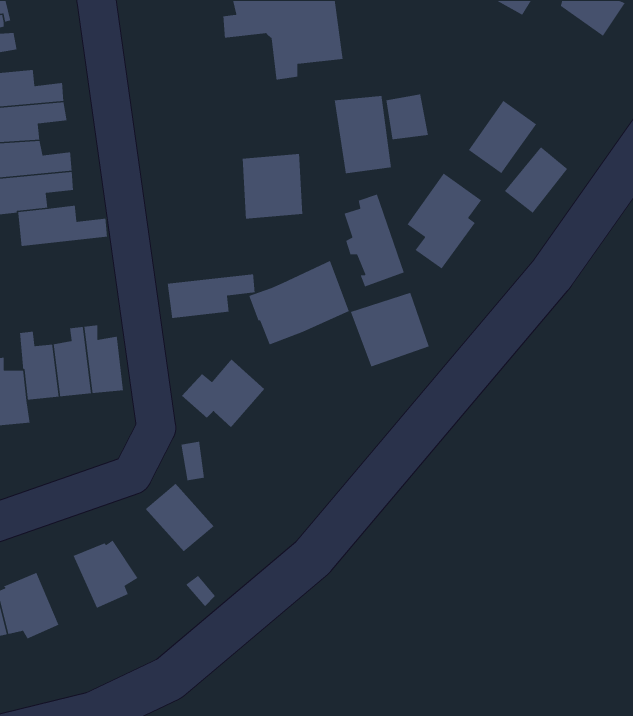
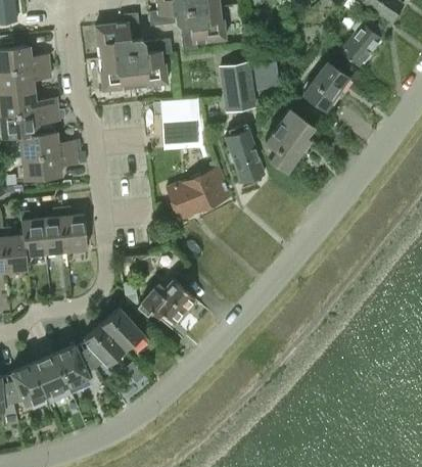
building: none -> [95,13,172,91]
building: [504,146,568,214] -> [339,27,380,69]
building: [167,273,255,319] -> [21,152,78,181]
building: [350,292,430,368] -> none
building: [181,359,265,428] -> [142,280,195,324]
building: none -> [80,324,125,368]
building: none -> [32,354,69,398]

